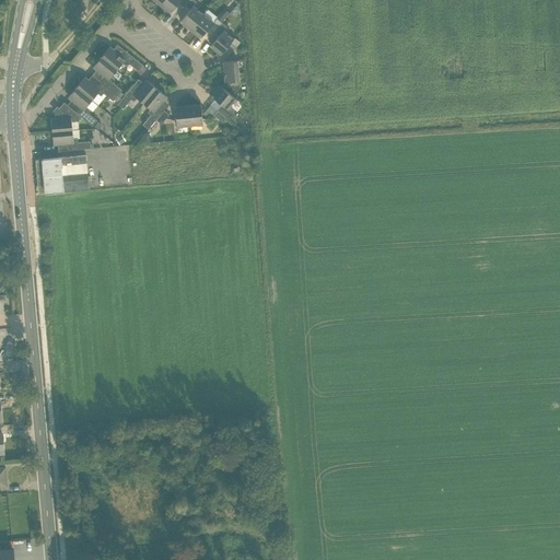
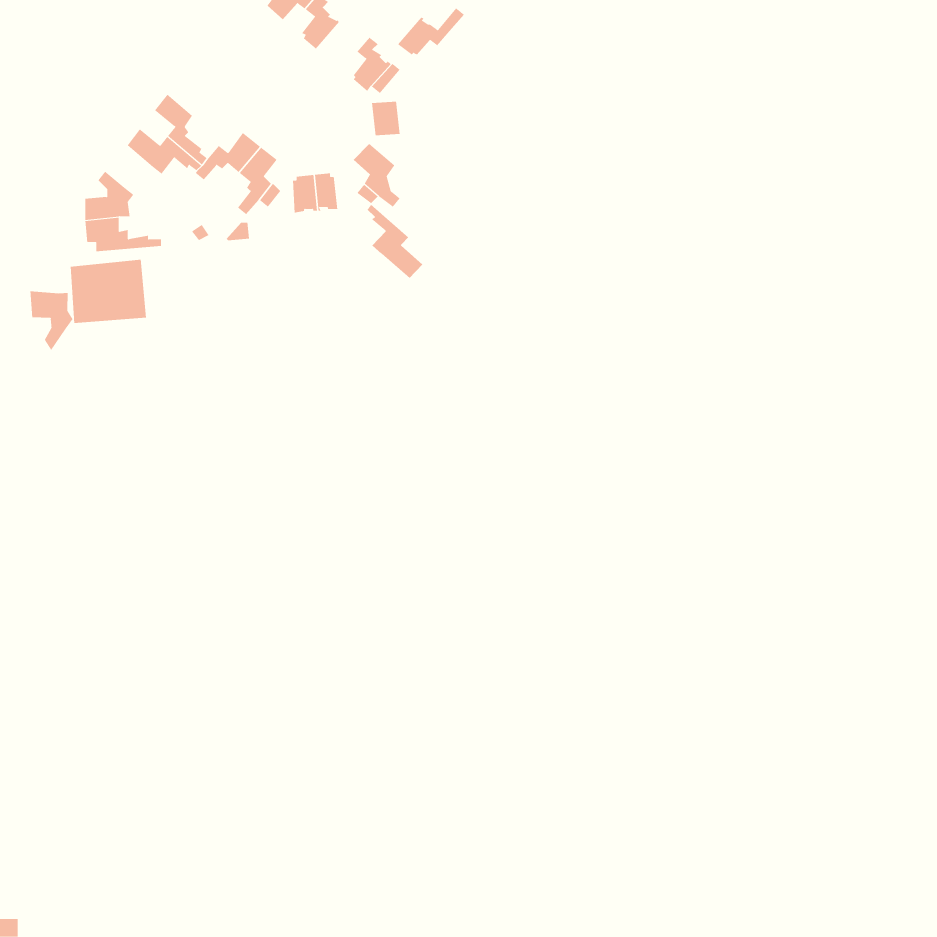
building: [188,8,229,36] -> [397,8,465,55]
building: [100,46,145,71] -> none
building: [67,86,95,125] -> none
building: none -> [367,204,423,279]
building: none -> [30,290,73,351]

